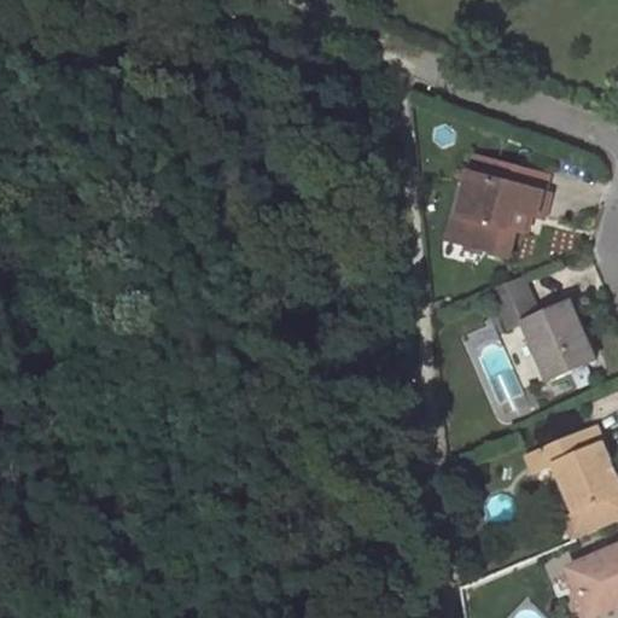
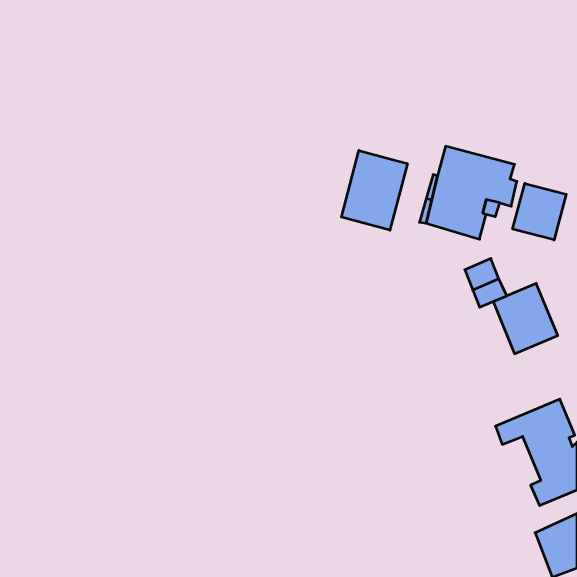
building: none -> [341,150,407,230]
building: none -> [513,183,566,240]

